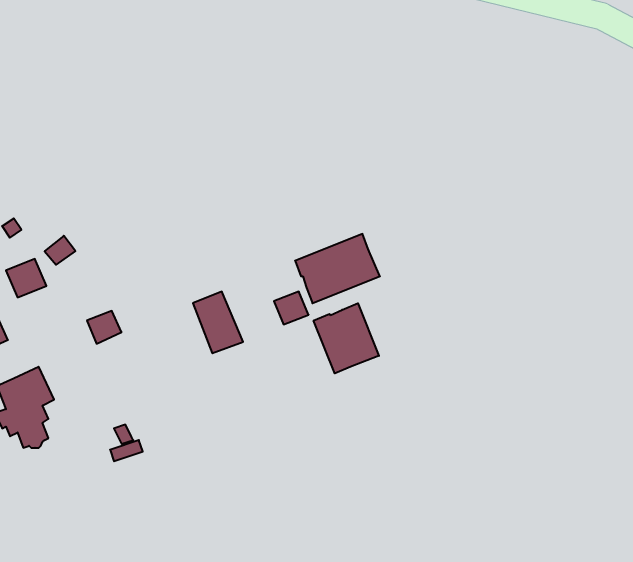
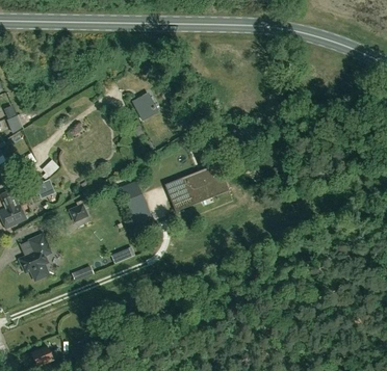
building: none -> [131,92,157,120]
building: [314,303,379,373] -> none

